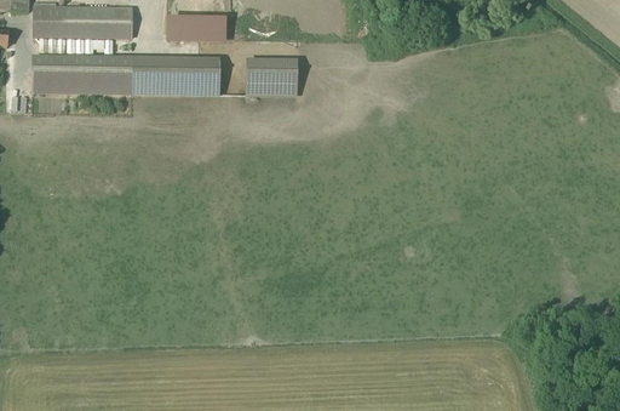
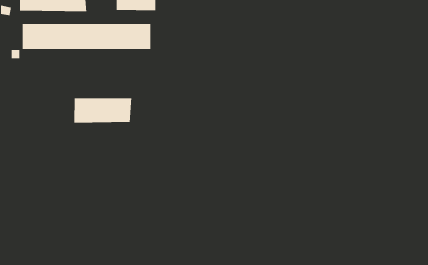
building: [246,56,298,93] -> none
building: none -> [74,97,132,123]

